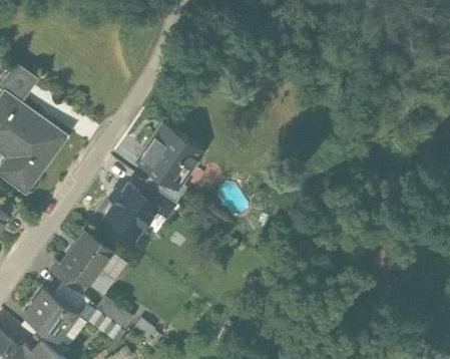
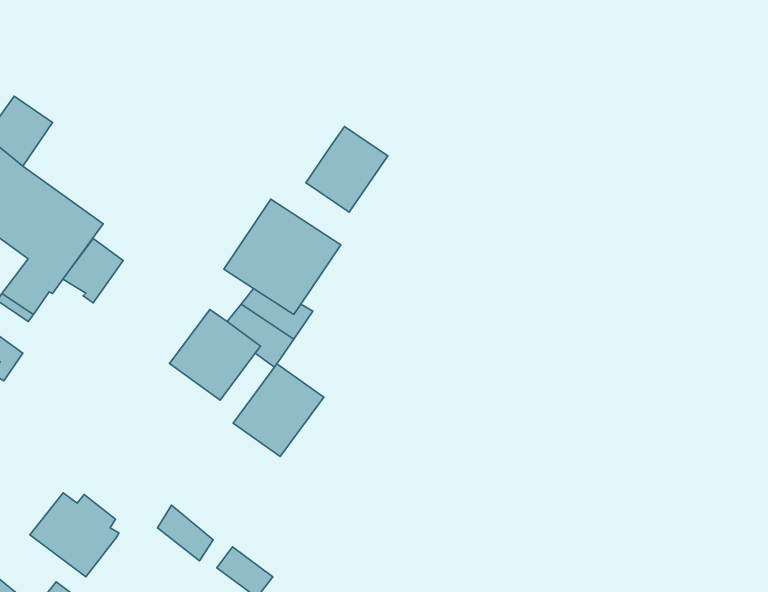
building: none -> [306,127,388,212]
building: none -> [63,238,123,303]
building: [59,234,111,287] -> [233,364,324,456]
building: [55,283,91,321] -> none

